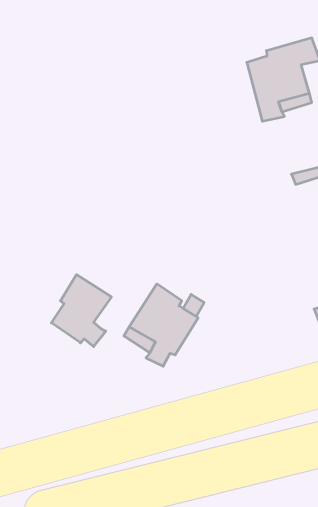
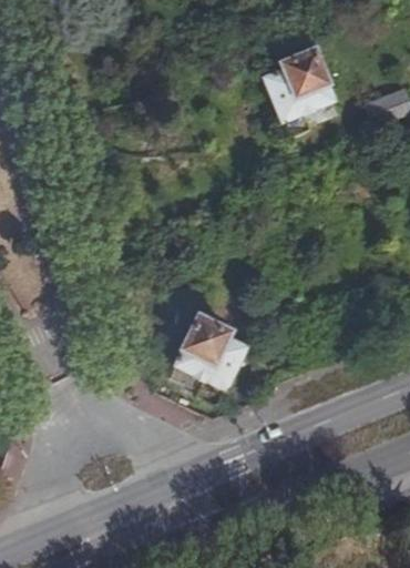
building: [51,275,111,347] -> none

